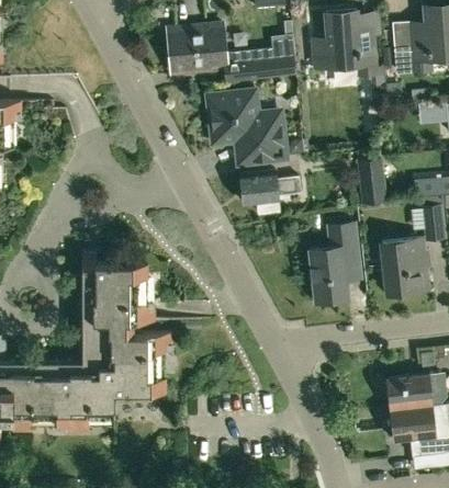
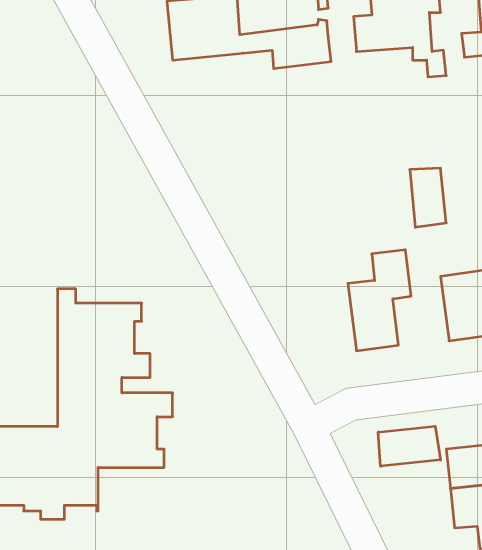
building: [207,89,285,161] -> none
building: [239,169,300,214] -> none
building: none -> [378,426,441,466]

